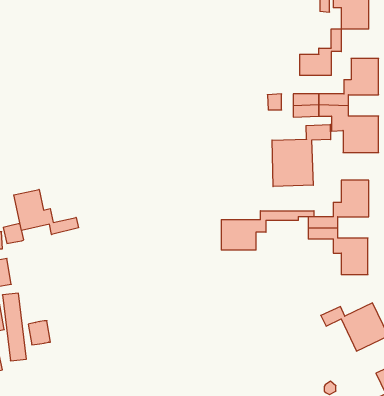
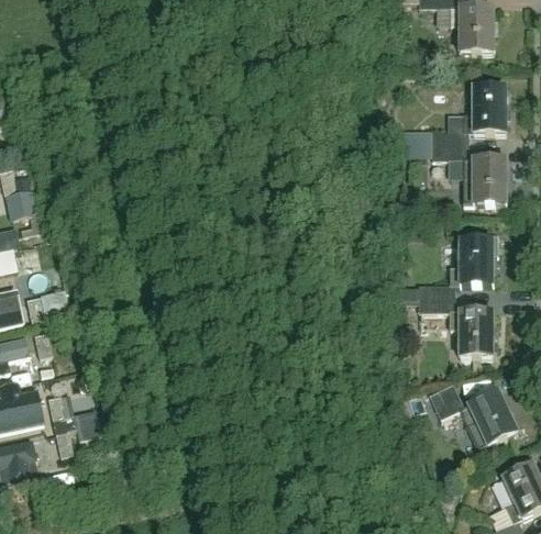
building: [300,29,341,75] -> none
building: [272,124,331,187] -> none
building: [14,189,78,235] -> none
building: [221,211,314,250] -> none

